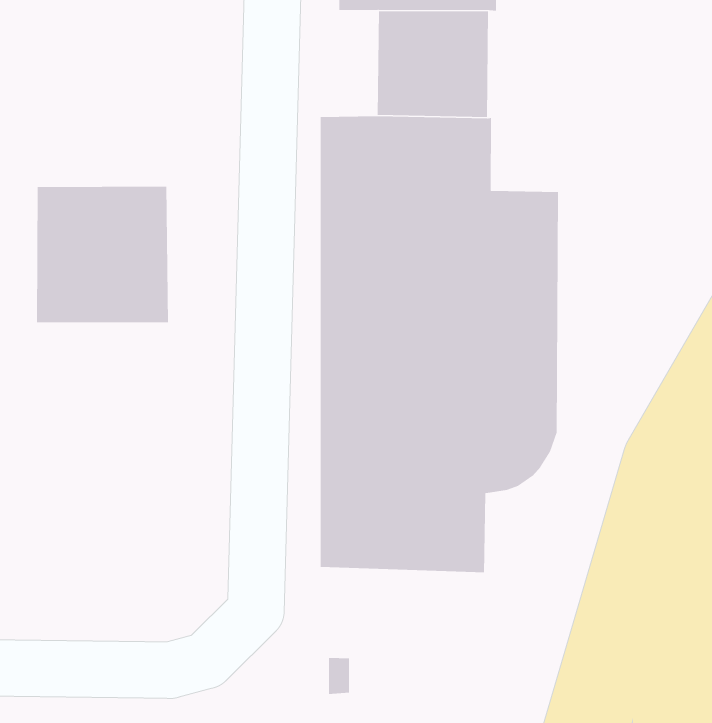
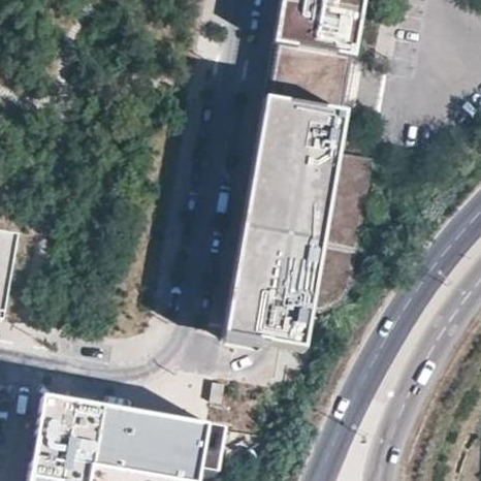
building: [36,186,169,323] -> none

